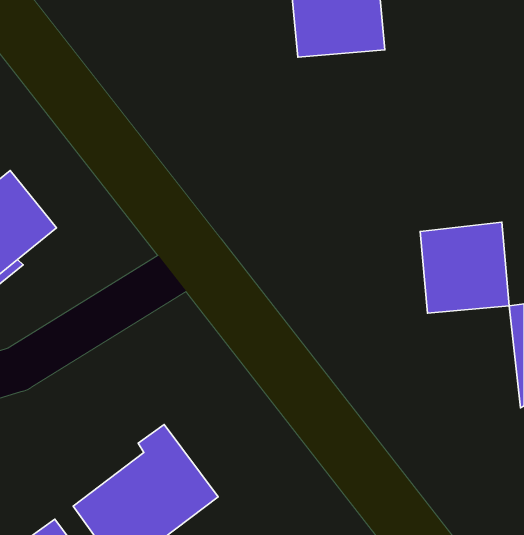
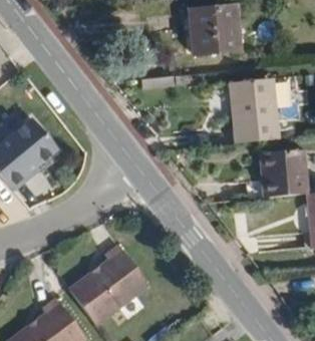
building: none -> [228,76,277,140]

